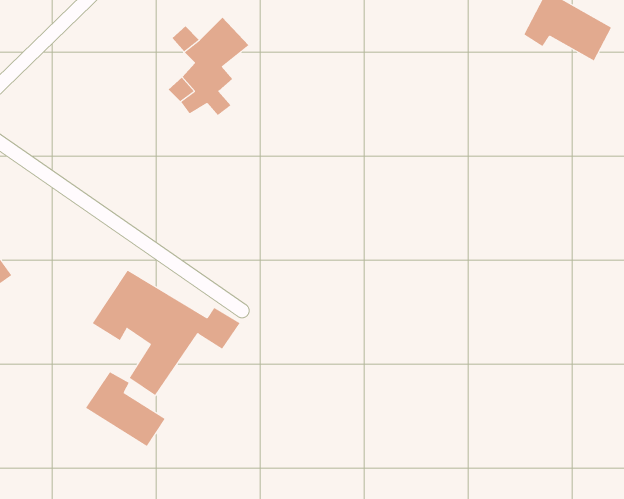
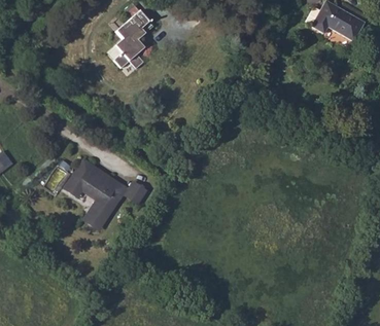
building: [85,371,166,447] -> none

